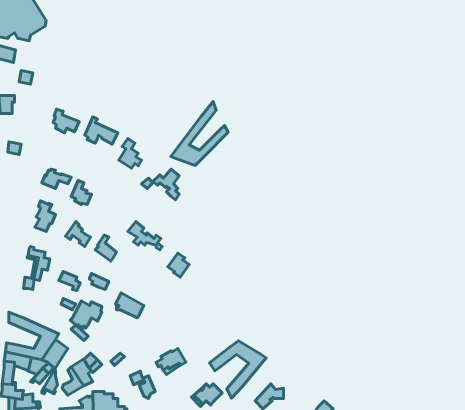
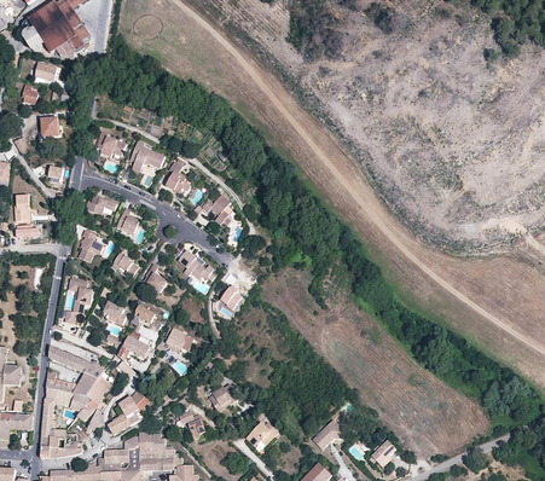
building: [171,102,228,165] -> none
building: [210,341,266,398] -> none

